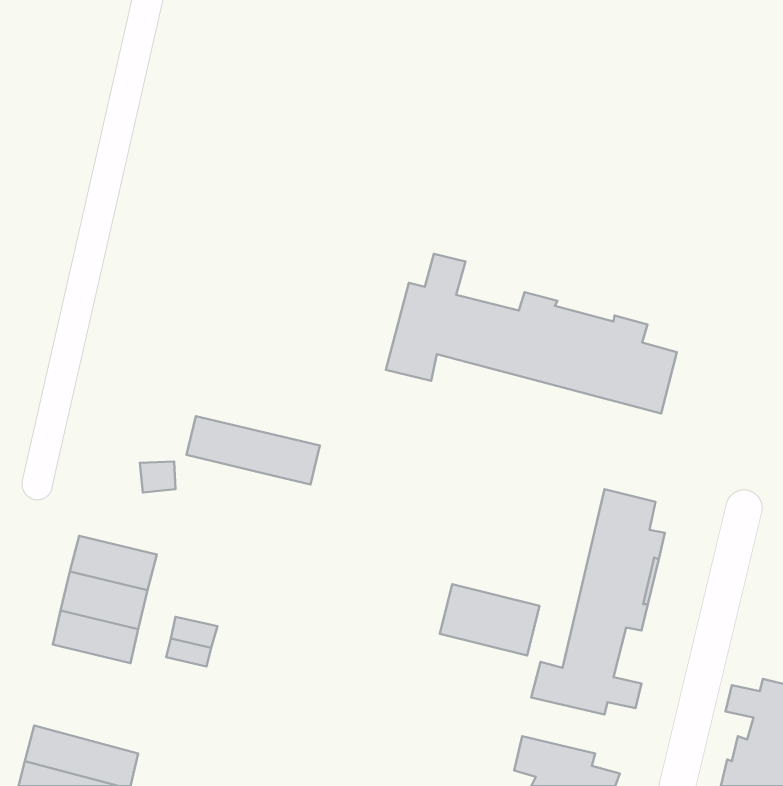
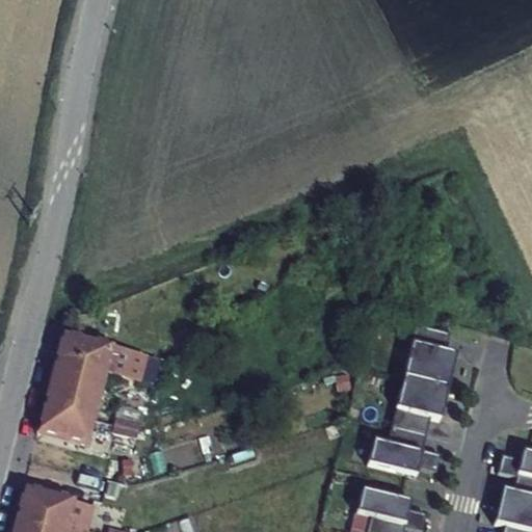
building: [386,254,677,414] -> none
building: [186,416,320,484] -> [60,332,150,378]
building: [440,584,540,656] -> none

